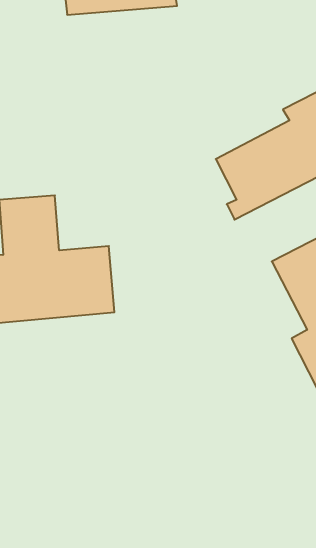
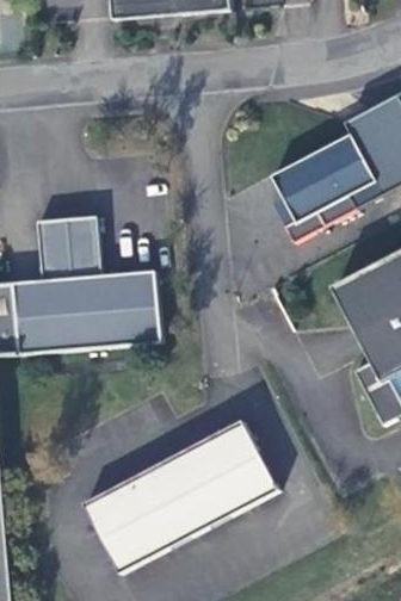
building: none -> [80,420,277,572]

